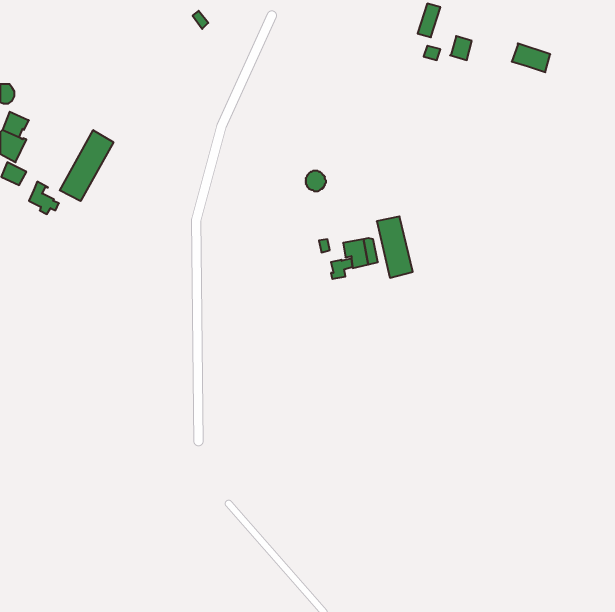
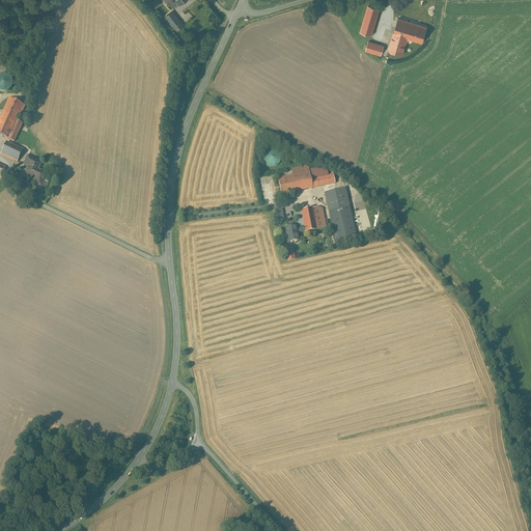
building: [512,43,550,72] -> [393,16,426,40]
building: [60,130,113,201] -> none
building: none -> [278,164,335,193]

